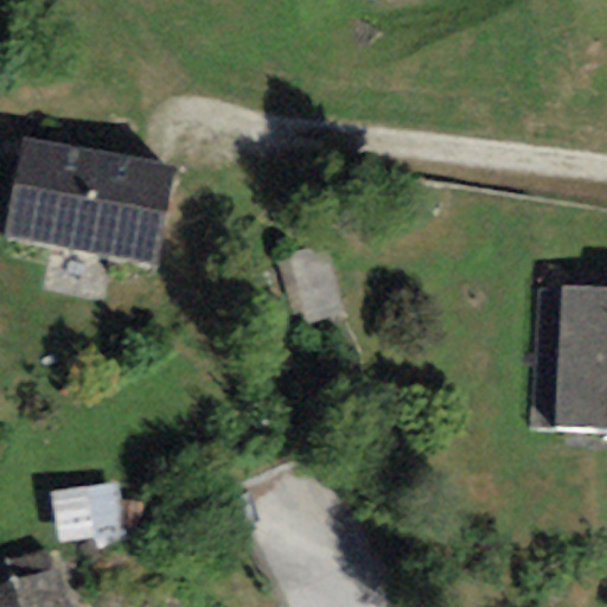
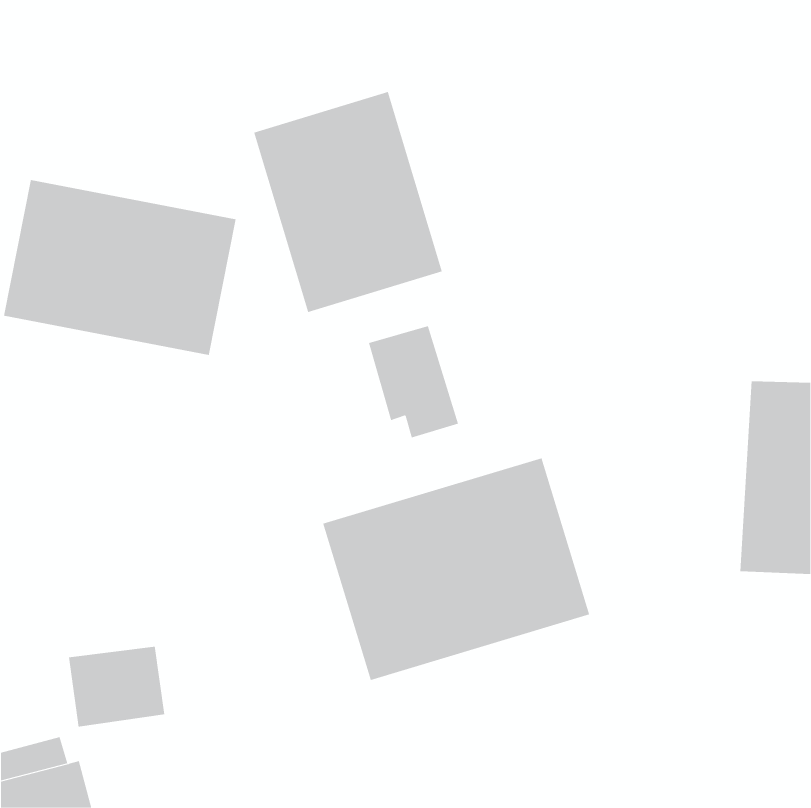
building: none -> [254,91,442,313]
building: none -> [323,457,590,681]

